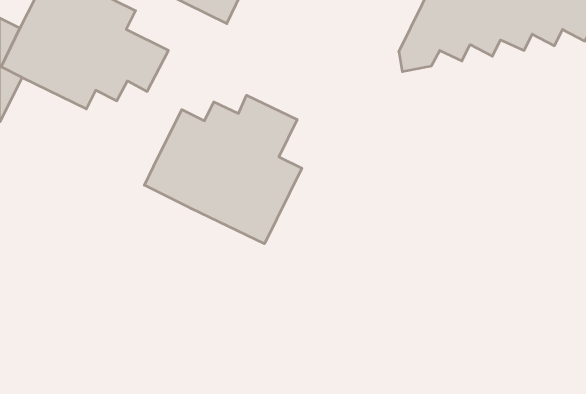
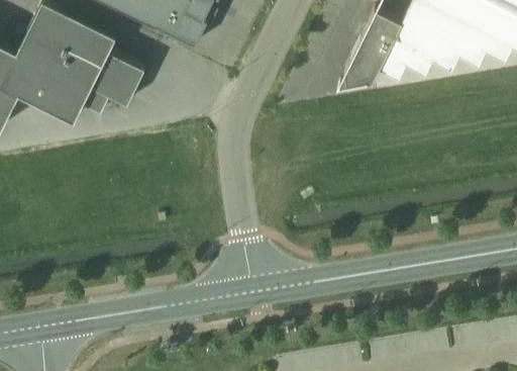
building: [144,95,302,244] -> none

